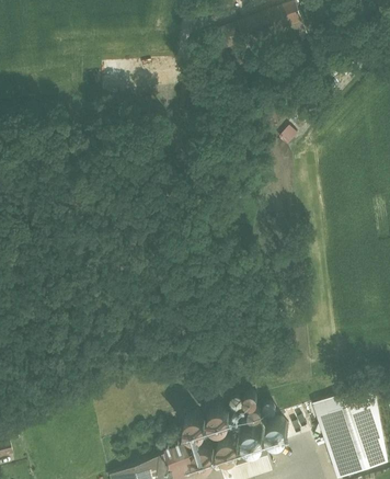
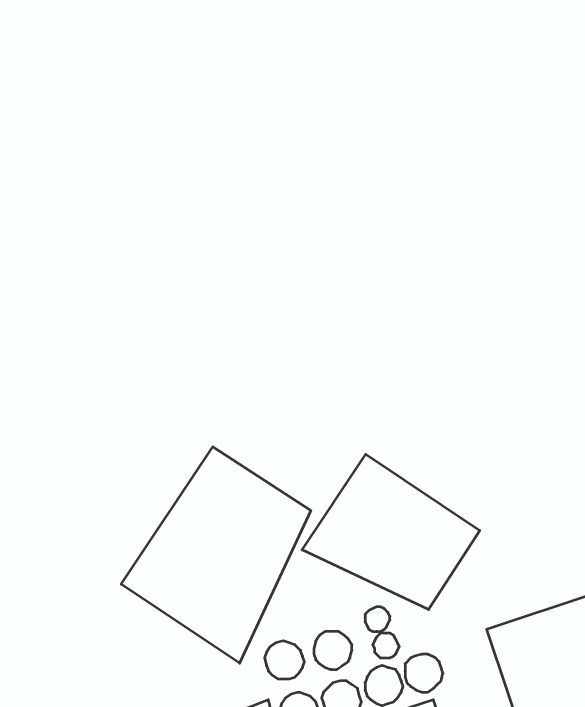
building: none -> [121,447,311,663]
building: none -> [302,454,480,610]

